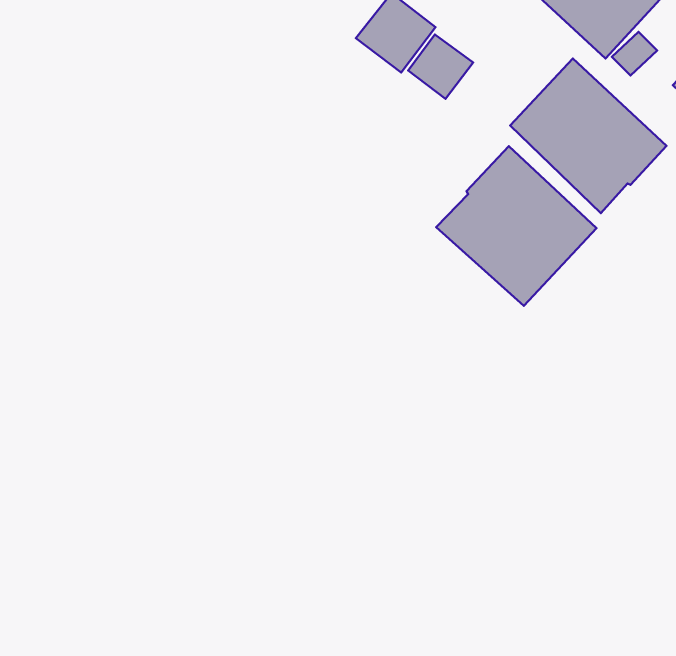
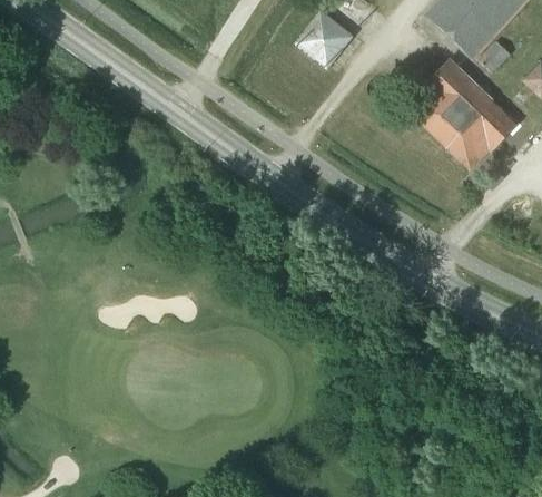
building: [408,34,473,99] -> none
building: [436,146,597,306] -> none

